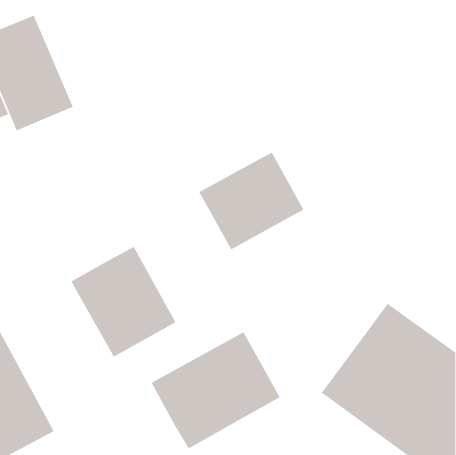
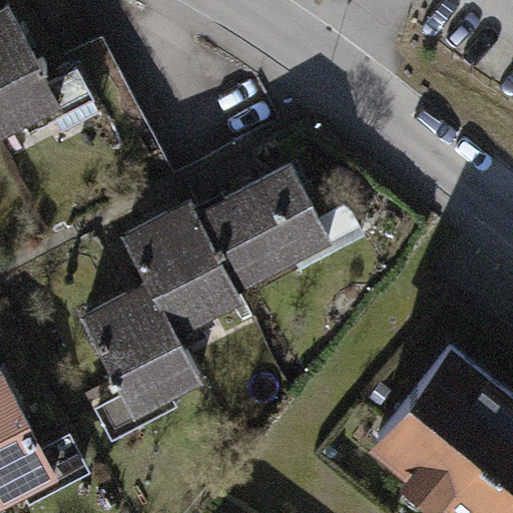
building: none -> [126,194,260,336]
building: [150,331,281,449] -> none

